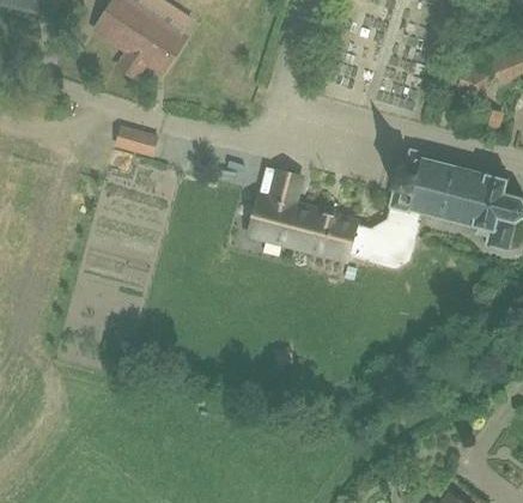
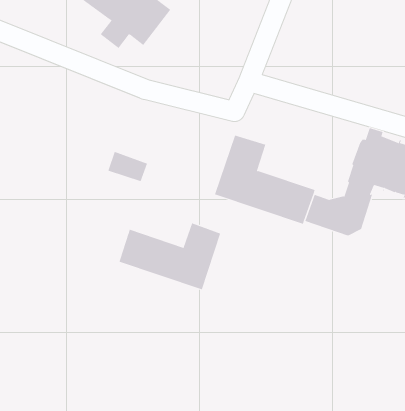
building: [115,125,158,156] -> [107,151,148,182]
building: none -> [119,223,221,290]

